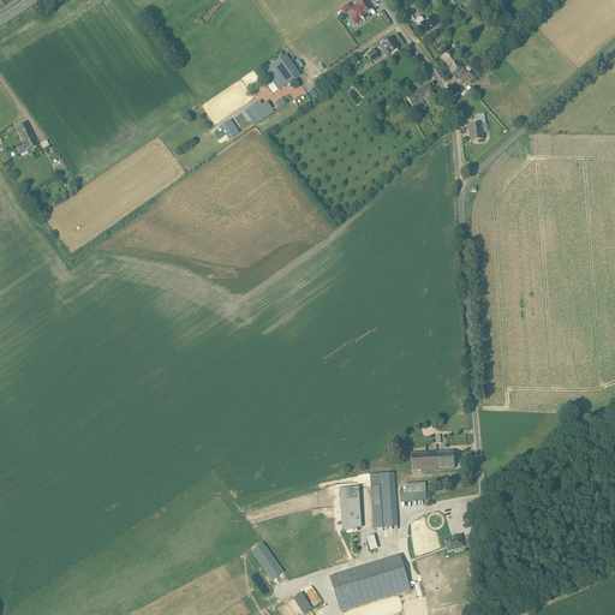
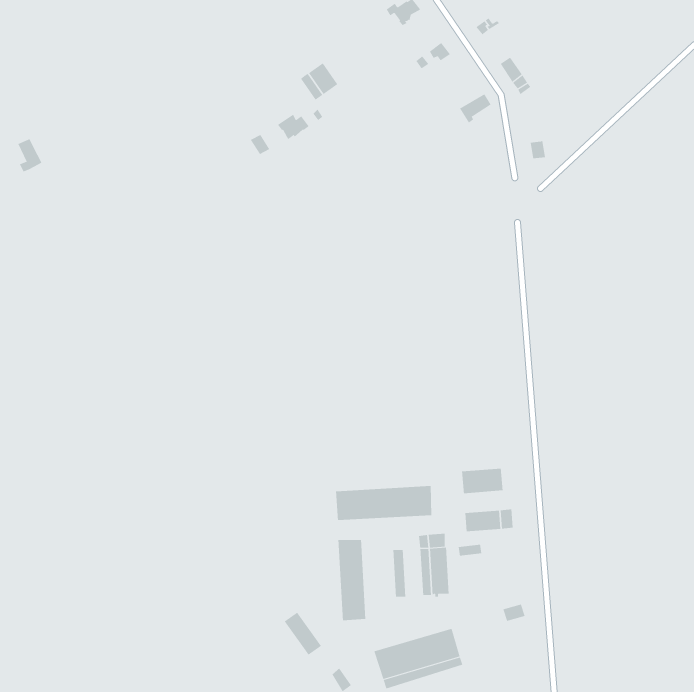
building: none -> [461,468,503,494]
building: none -> [336,485,432,521]
building: none -> [338,539,366,621]

